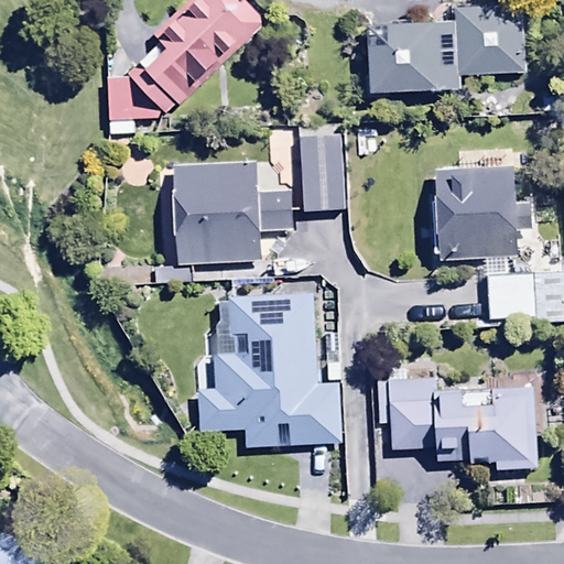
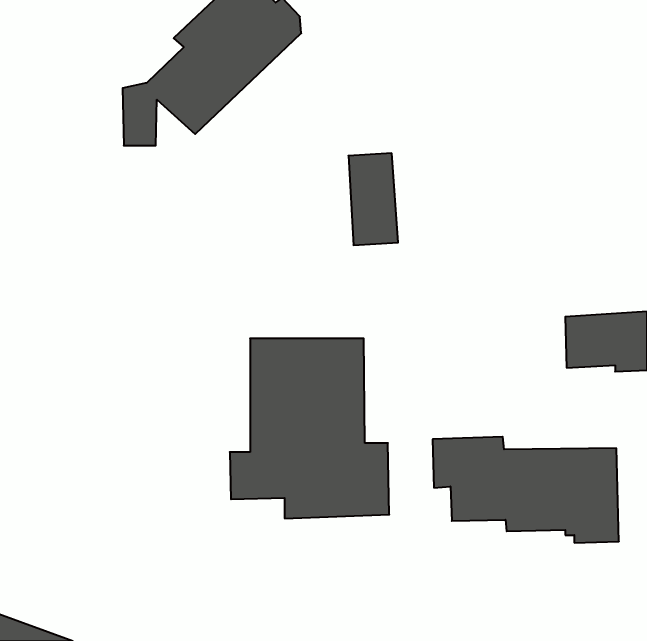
building: [369,7,527,94] -> none
building: [174,163,293,264] -> none
building: [432,163,530,259] -> none

